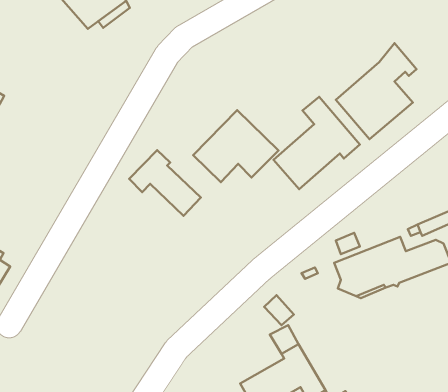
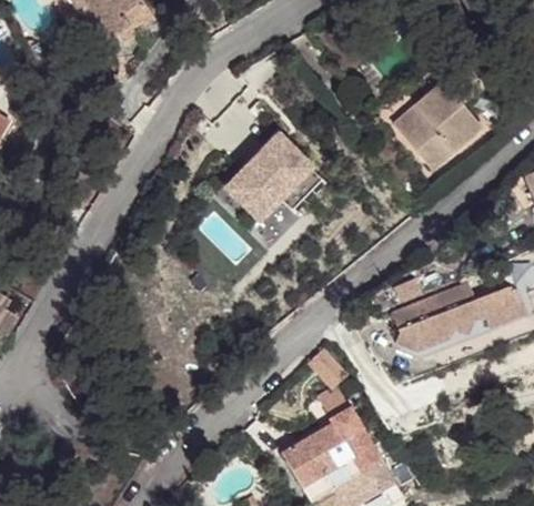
building: [274,97,360,189] -> none
building: [129,150,201,216] -> none

